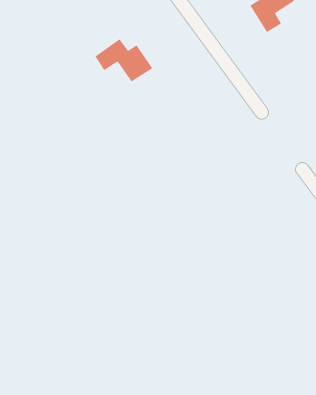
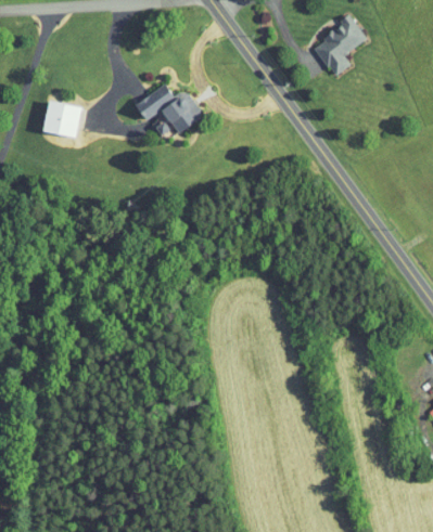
building: none -> [42,101,79,135]

